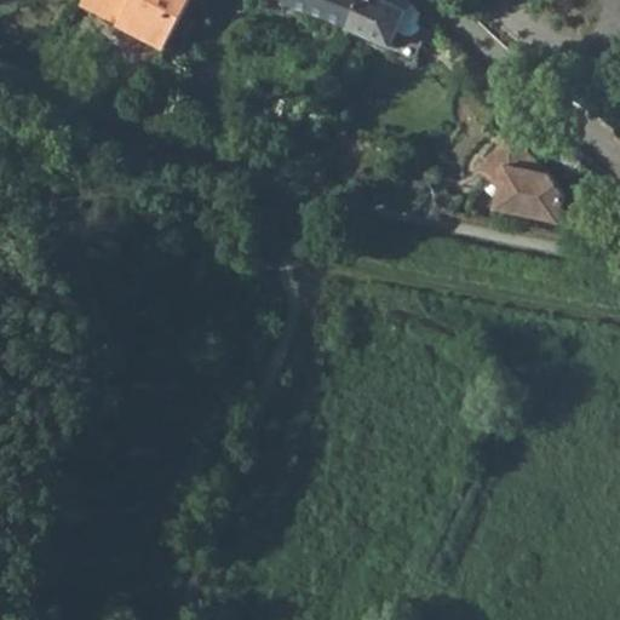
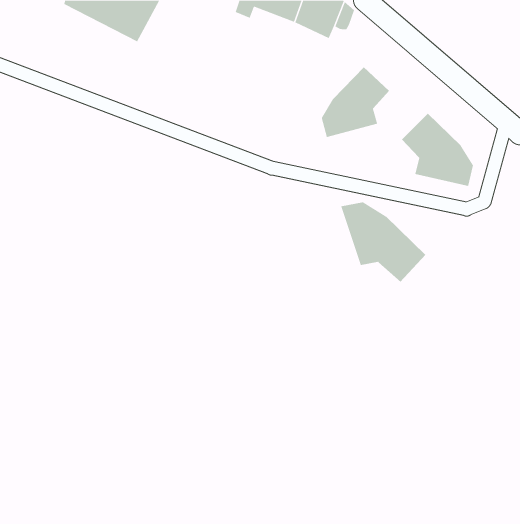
building: none -> [321,66,390,138]
building: none -> [340,201,426,282]

